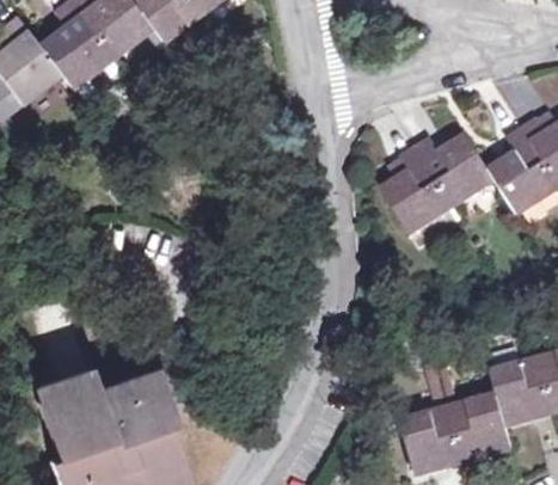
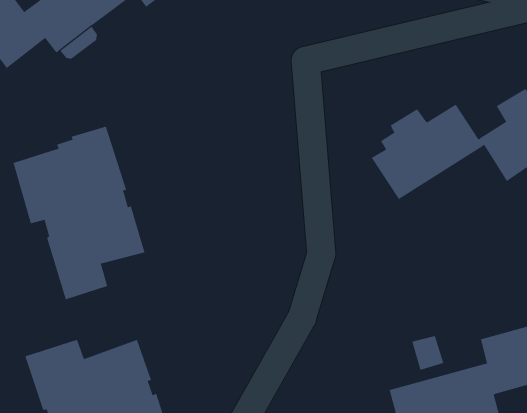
building: none -> [13,126,145,300]

